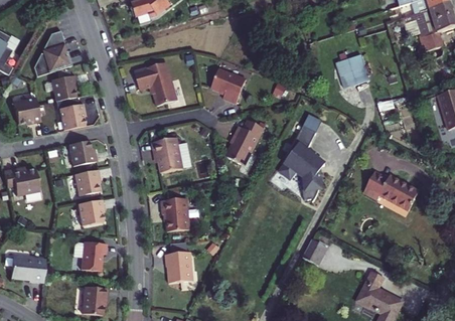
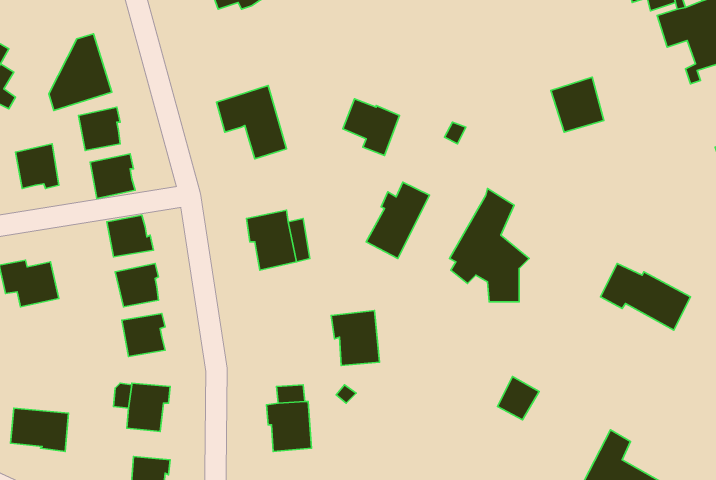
building: [160,198,189,231] -> [331,310,379,365]

